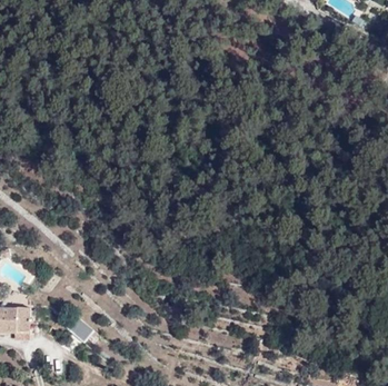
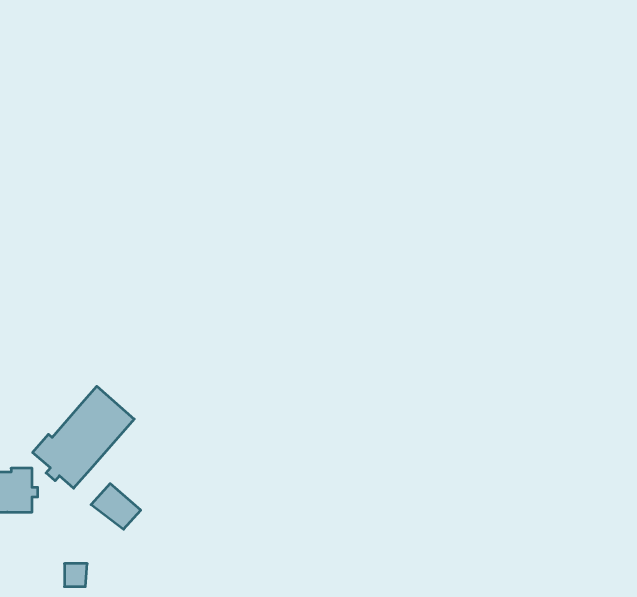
building: none -> [33,386,134,488]

